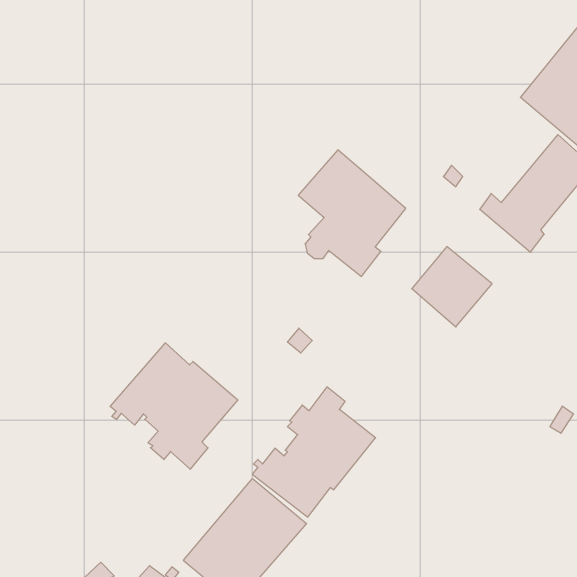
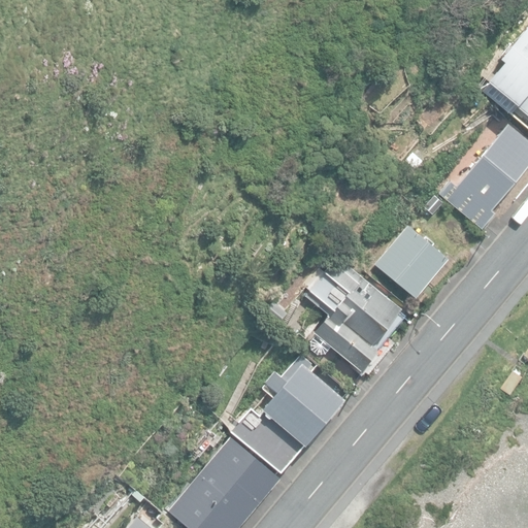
building: [298,150,406,276] -> [303,257,401,372]
building: [110,343,238,469] -> none

